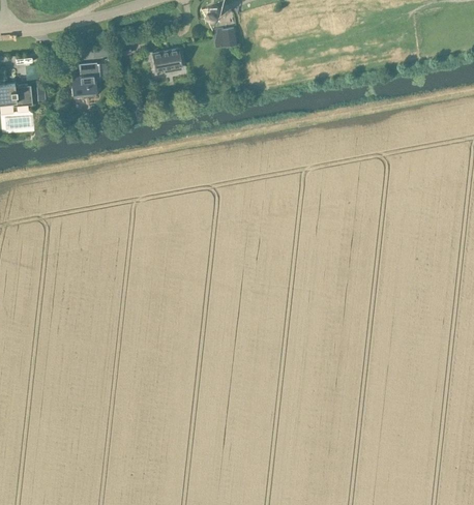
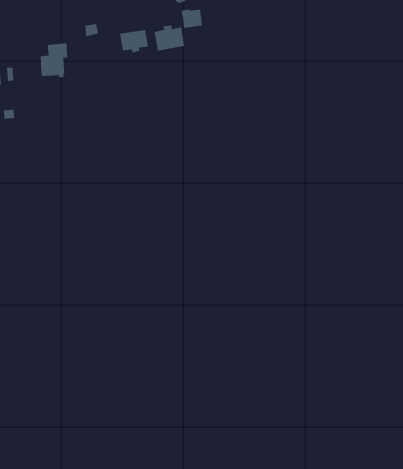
building: none -> [154,25,185,52]

